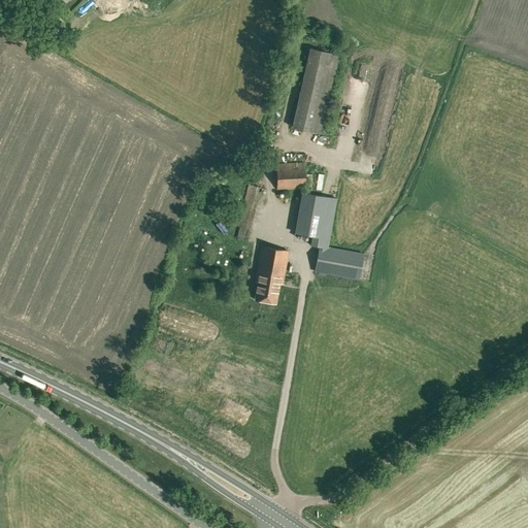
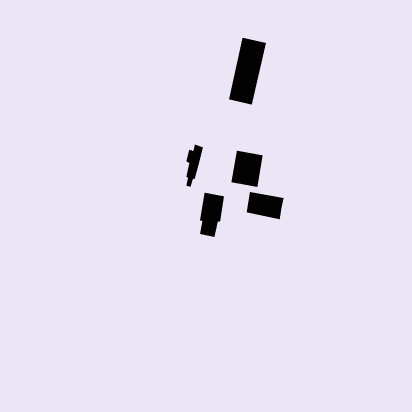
building: [276,163,304,191] -> none

